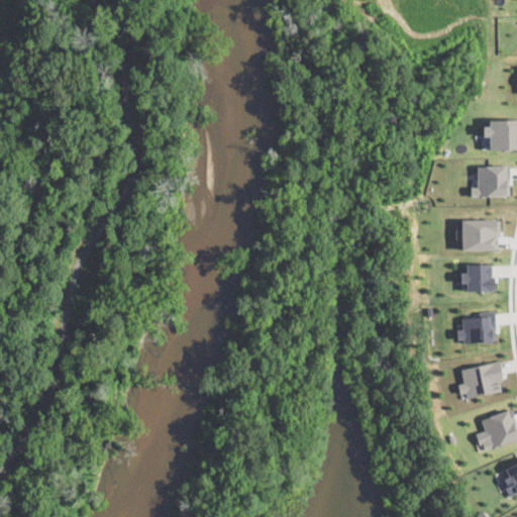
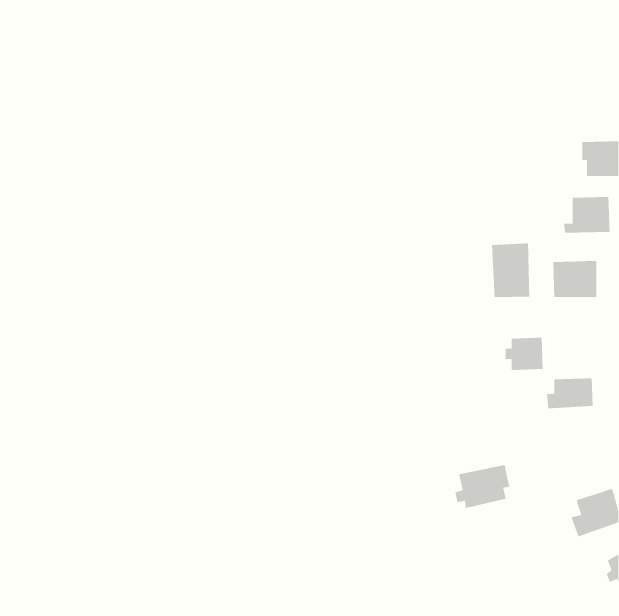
building: none -> [491,242,530,298]
building: [460,264,493,292] -> [505,337,544,371]
building: [457,363,504,400] -> [454,464,510,509]

